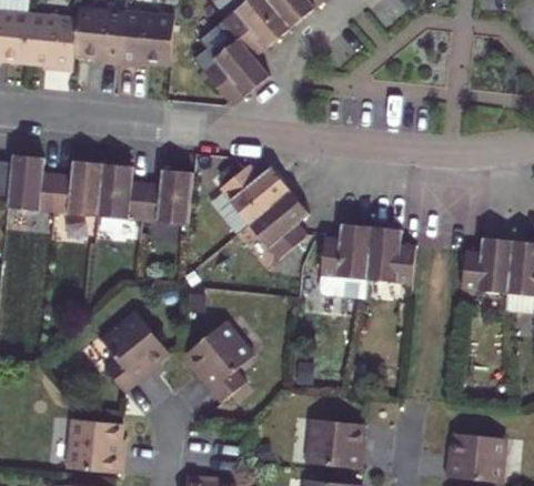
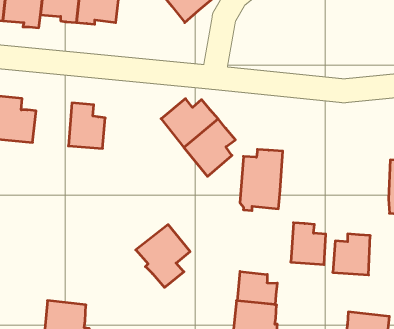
building: [199,43,262,110] -> none
building: [56,163,105,221] -> none
building: [144,172,194,229] -> none
building: [370,227,414,281] -> [291,223,326,265]
building: [462,236,510,288] -> [333,234,370,275]
building: [102,311,169,392] -> none
building: none -> [238,271,277,305]

